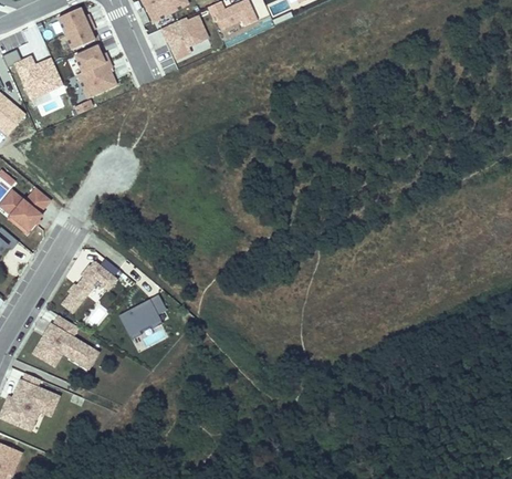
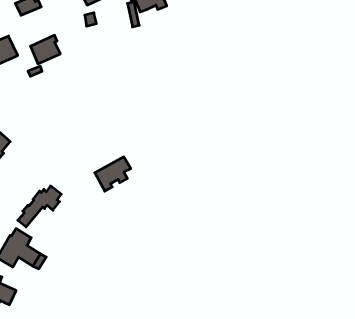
building: [164,19,206,59] -> none
building: [65,22,95,50] -> none
building: [75,45,109,72] -> none
building: [118,295,166,341] -> [95,157,131,191]

